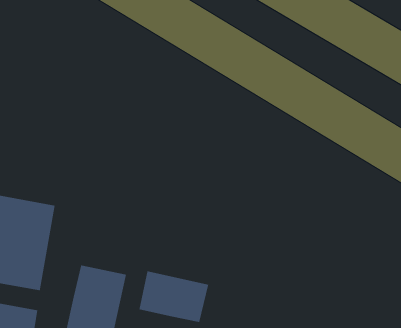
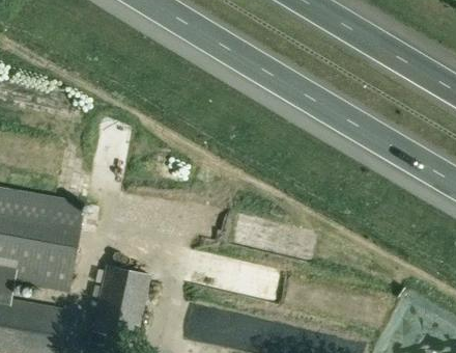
building: [139,270,209,323] -> none

